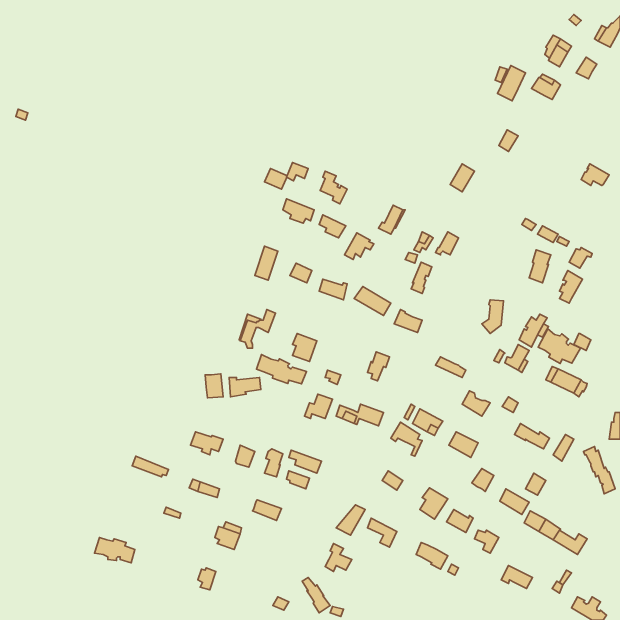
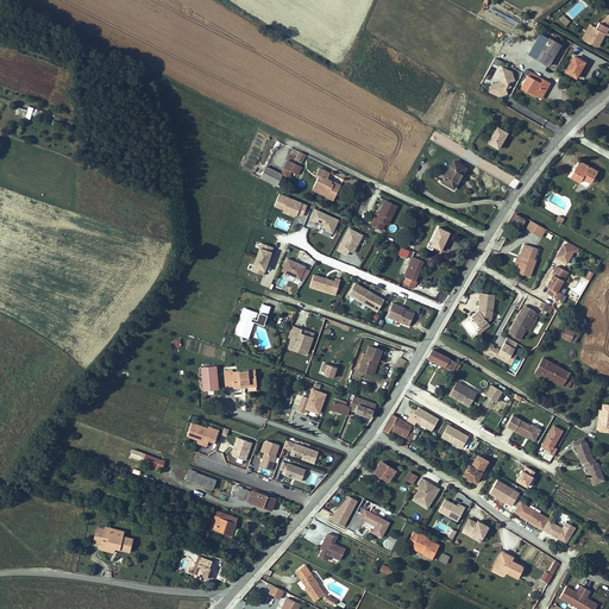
building: [538,329,580,363] -> none
building: [256,354,306,384] -> none

